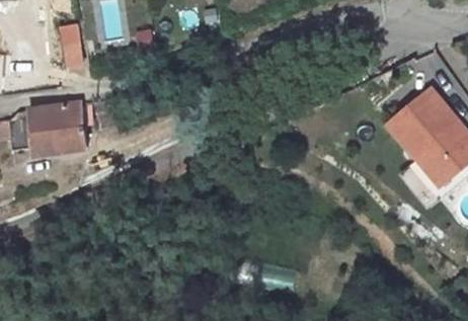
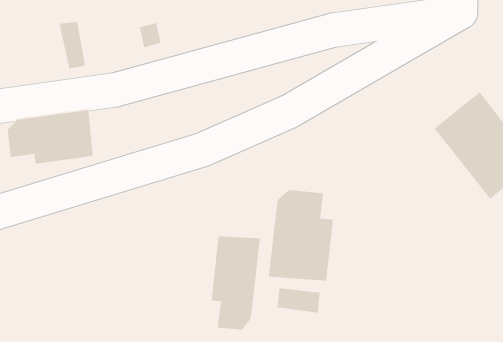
building: none -> [268,189,334,282]
building: none -> [211,235,261,331]

